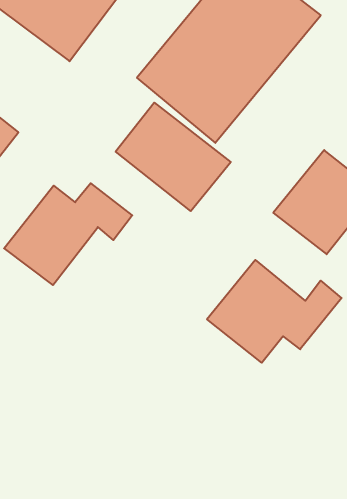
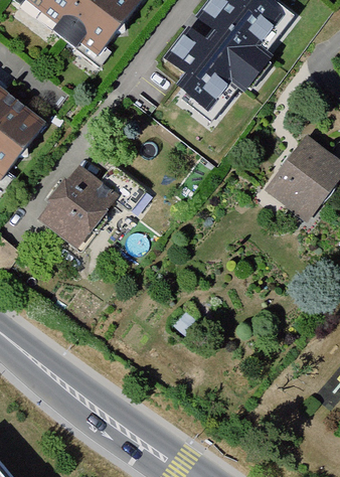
building: [116,103,231,211] -> none
building: [207,260,342,363] -> none

